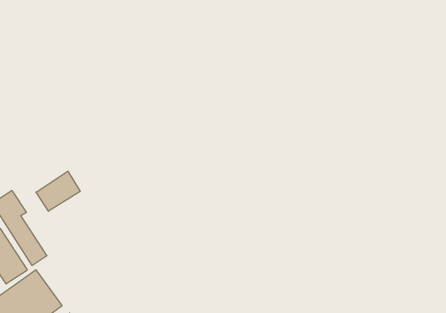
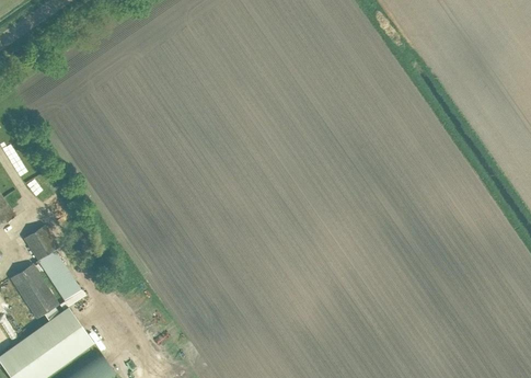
building: [36,171,80,211] -> none

